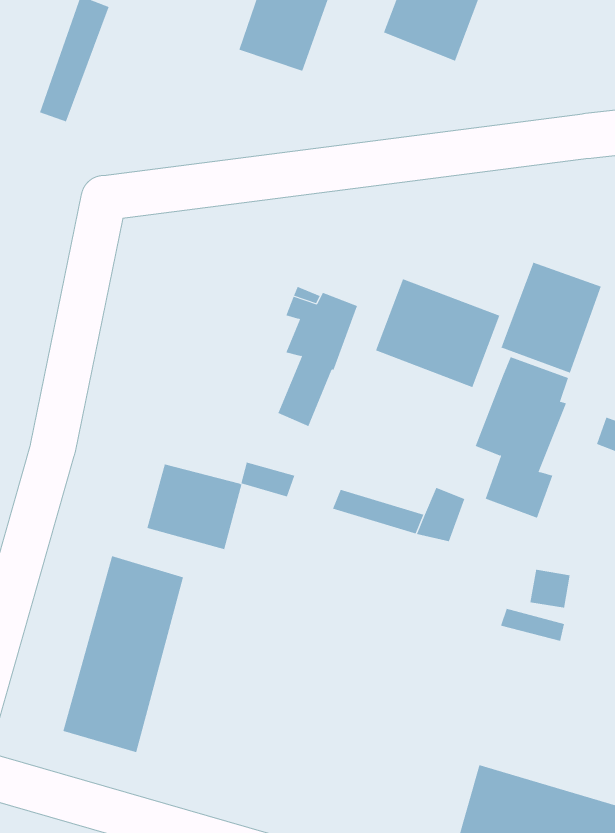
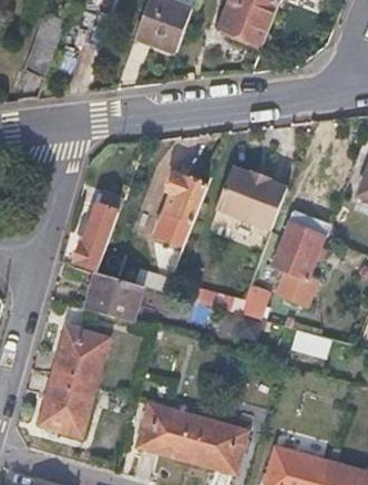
building: [500,262,601,373] -> none
building: none -> [72,204,117,272]
building: none -> [135,402,246,473]

